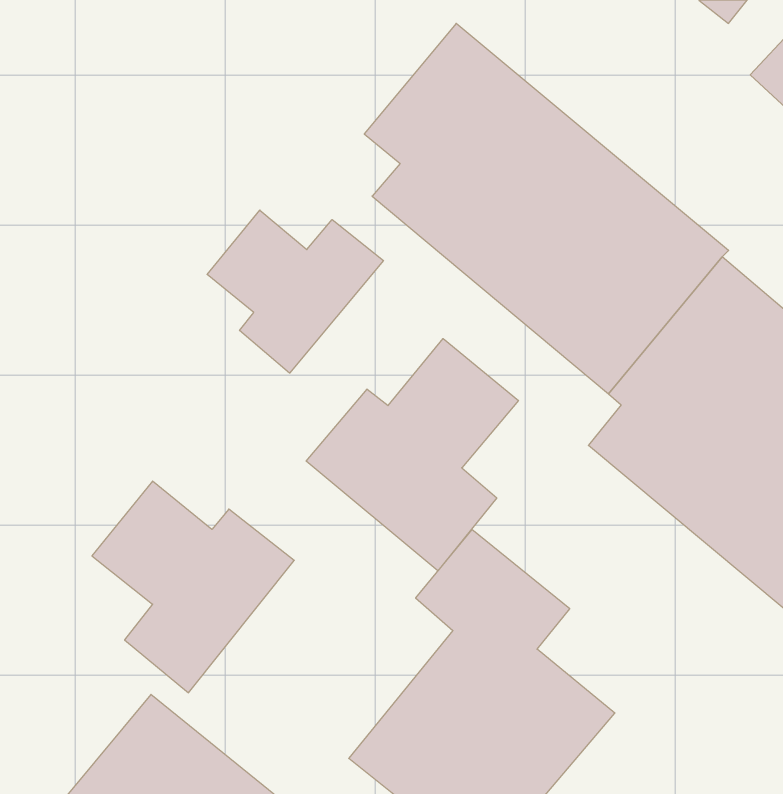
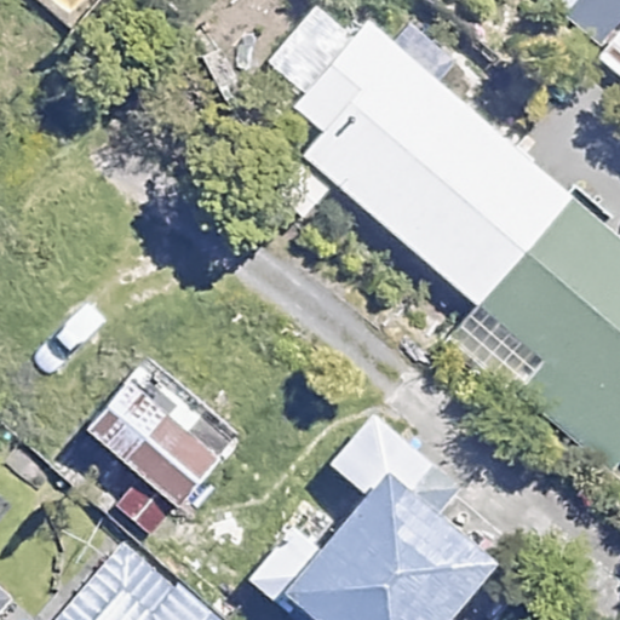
building: [207,210,383,373] -> none
building: [306,339,518,571] -> none

